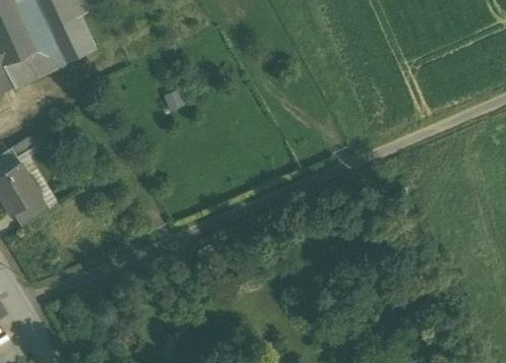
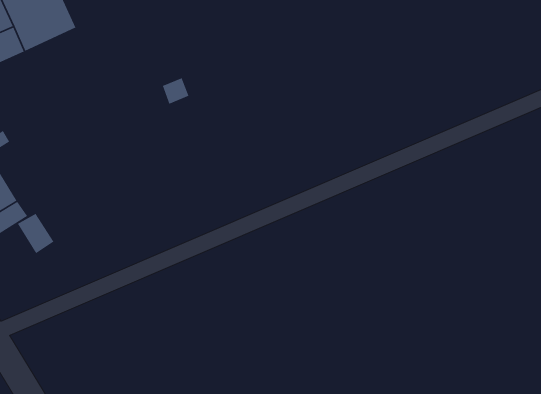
building: none -> [17,213,54,254]

